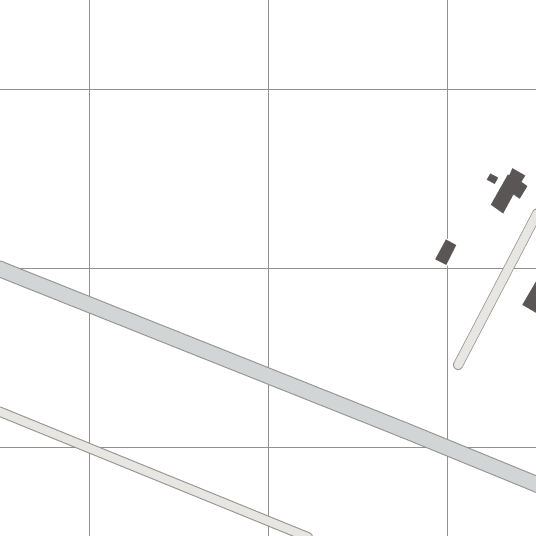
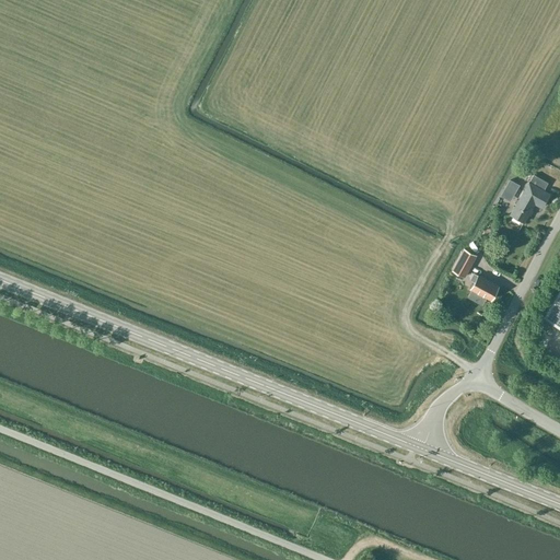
building: none -> [469,273,500,305]

